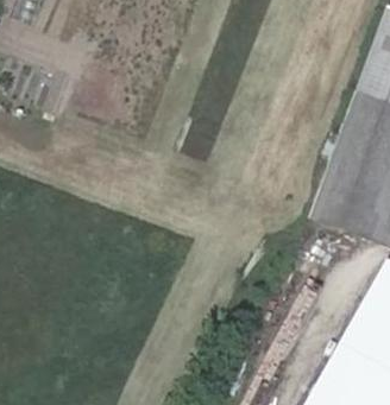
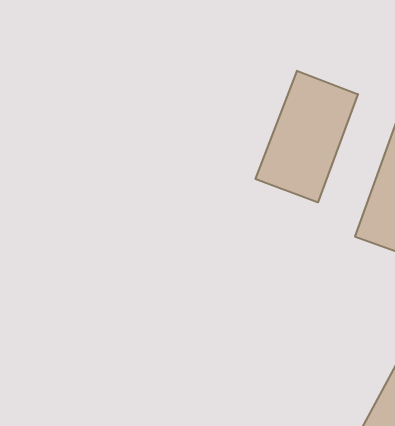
building: none -> [255,71,358,202]

